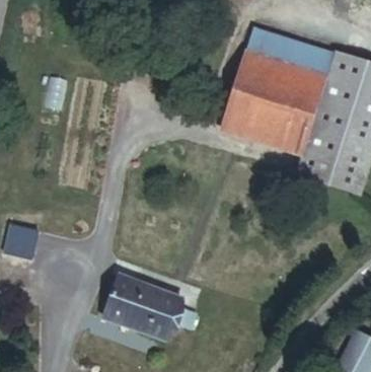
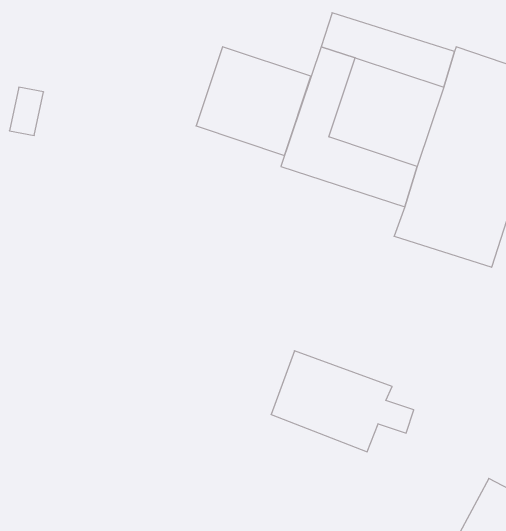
building: [253,56,328,127] -> [196,47,311,155]
building: [104,273,198,339] -> [271,351,414,452]

